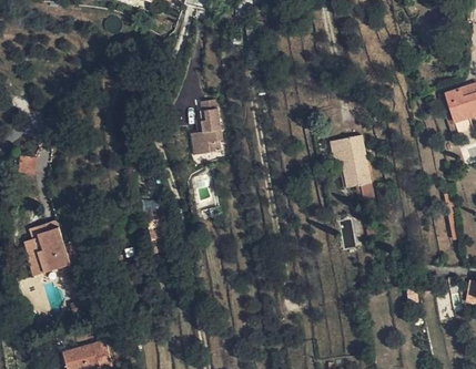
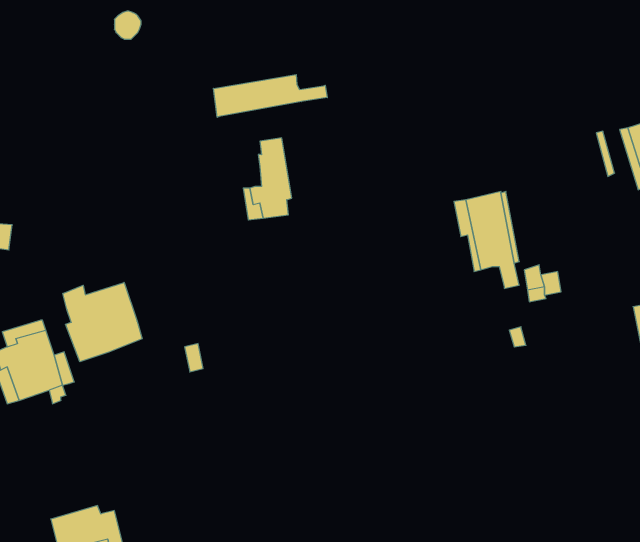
building: none -> [213,75,327,117]
building: none -> [63,282,142,362]

